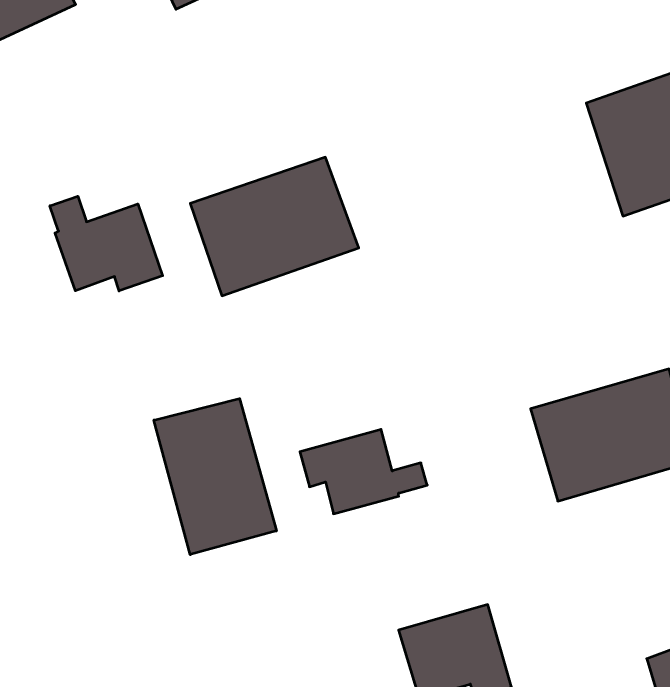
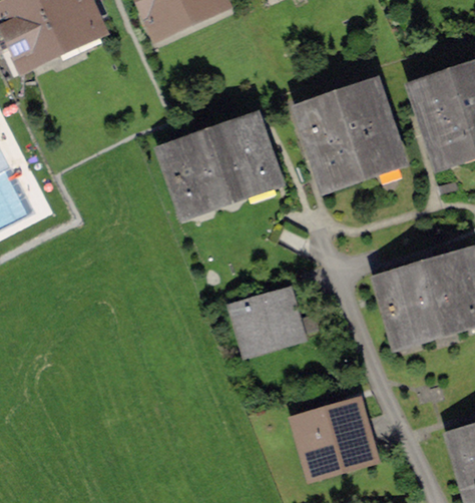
building: none -> [303,89,398,183]
building: [50,196,163,291] -> none
building: [154,399,276,555] -> none

